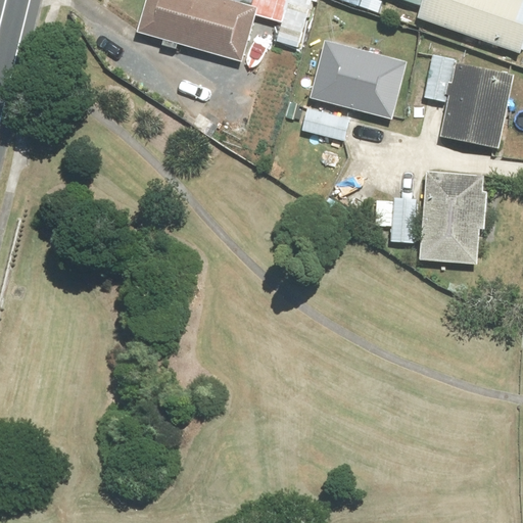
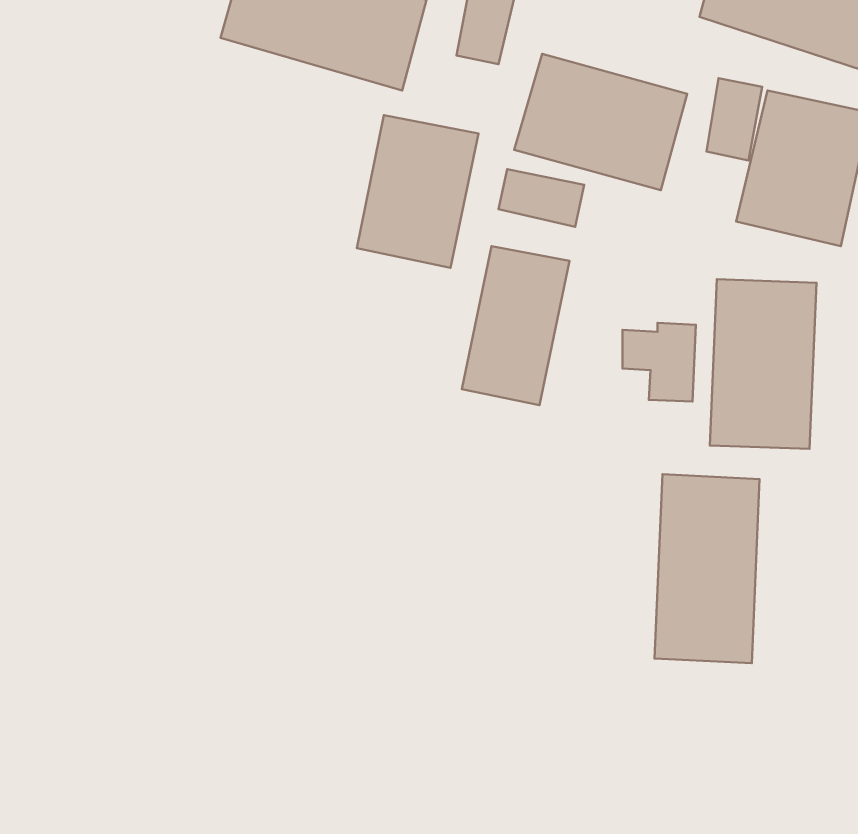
building: none -> [357,115,479,268]
building: none -> [462,246,569,405]
building: none -> [655,474,759,663]

